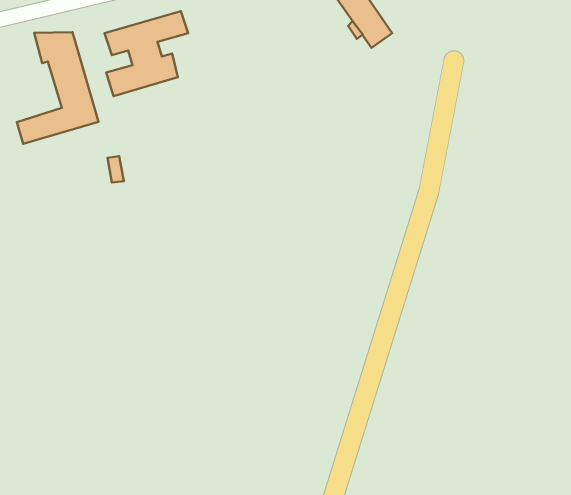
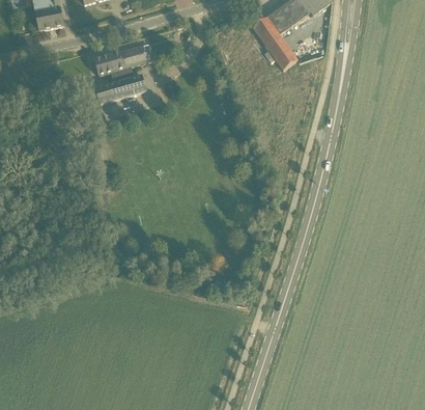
building: [17,32,98,144] -> none

